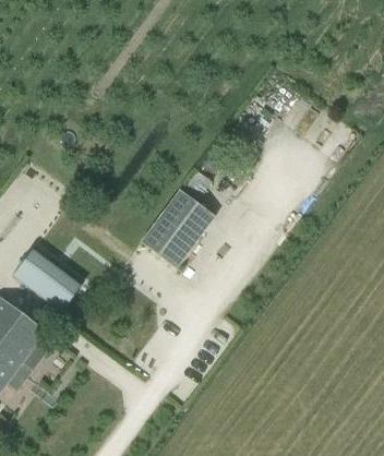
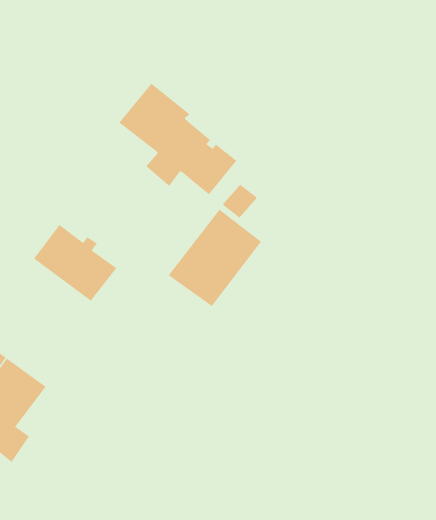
building: none -> [118,83,237,195]
building: [13,248,80,309] -> [33,224,117,301]

